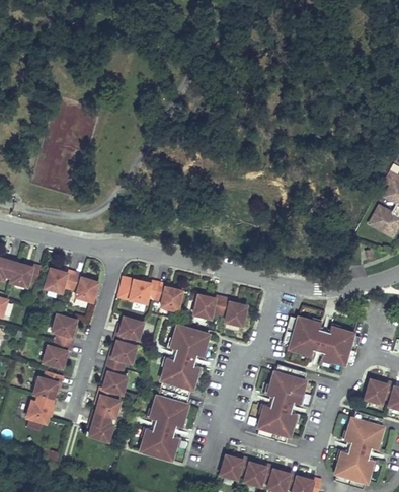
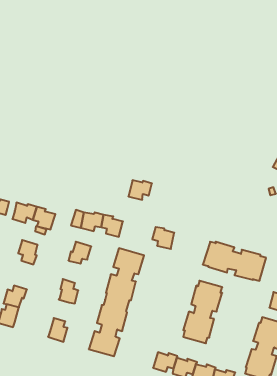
building: [193,294,223,319] -> [128,180,152,200]
building: [43,340,71,368] -> none
building: [107,341,136,368] -> none
building: [96,388,119,418] -> none

